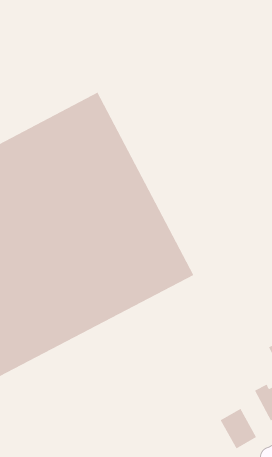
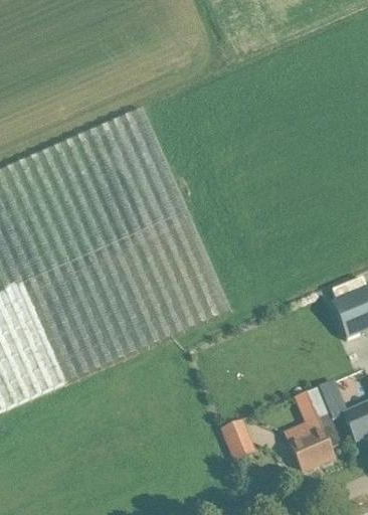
building: [220,408,257,449] -> [218,415,256,459]

